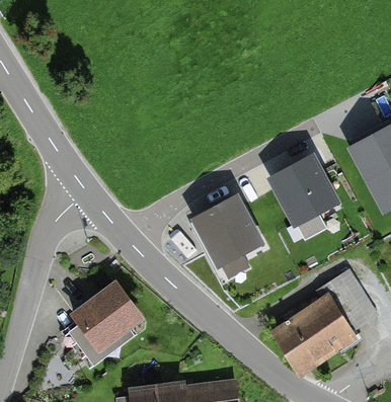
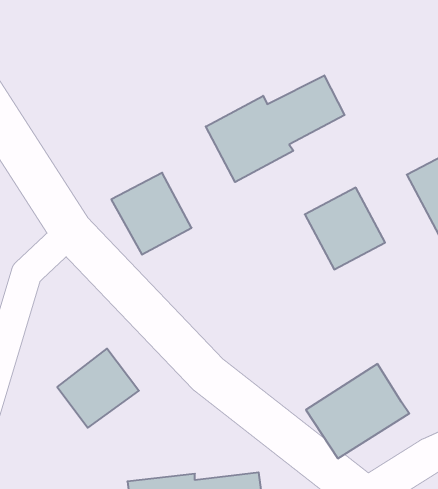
building: none -> [206,75,345,182]
building: [194,198,258,263] -> [111,173,192,255]
building: [317,274,368,327] -> none

